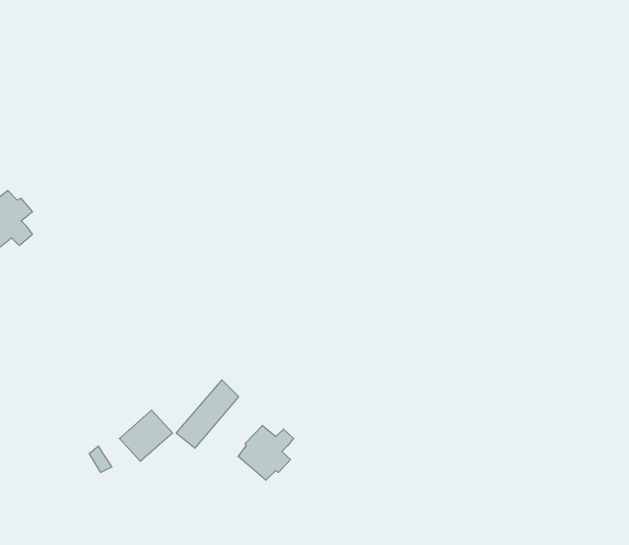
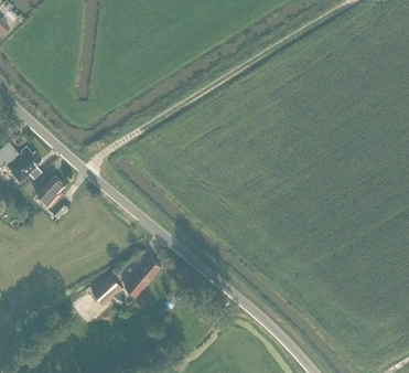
building: none -> [34,175,65,217]
building: [238,425,294,480] -> none

